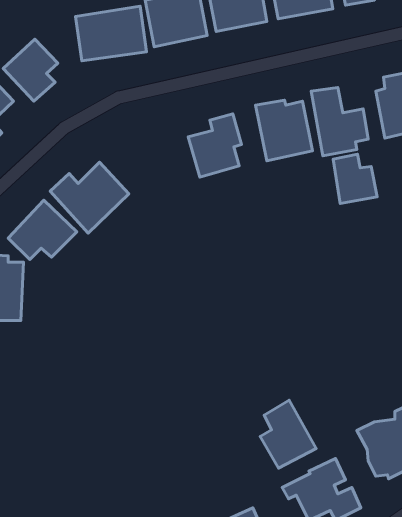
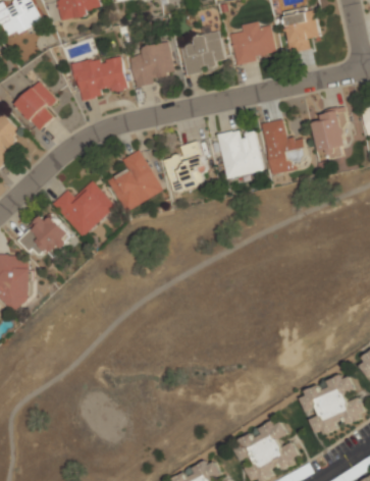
building: none -> [107,149,161,210]
building: [333,154,377,203] -> none
building: [260,400,316,468] -> none

